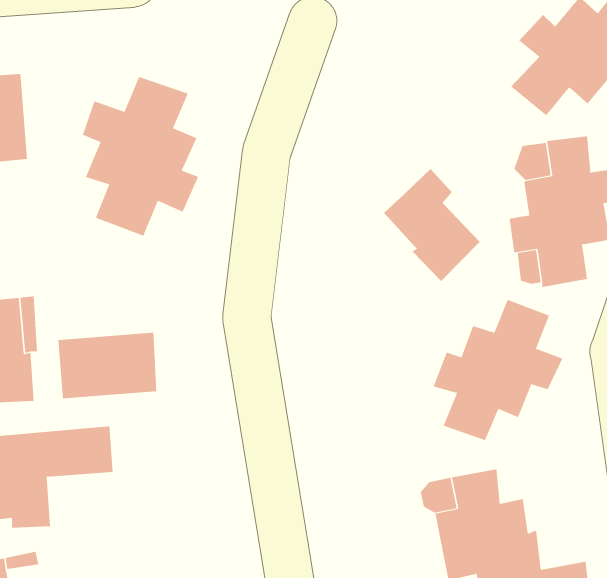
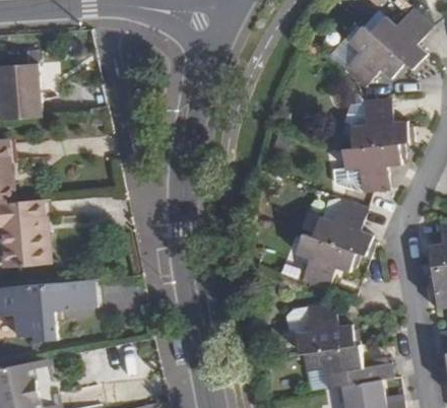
building: [82,76,199,236] -> none
building: [383,168,480,282] -> none
building: [58,332,157,399] -> none

